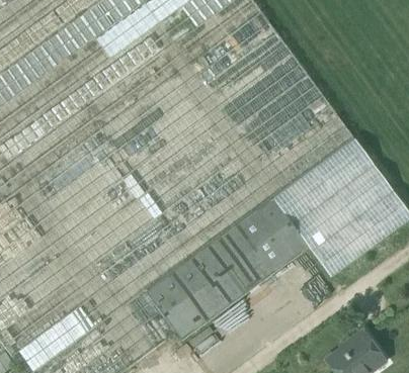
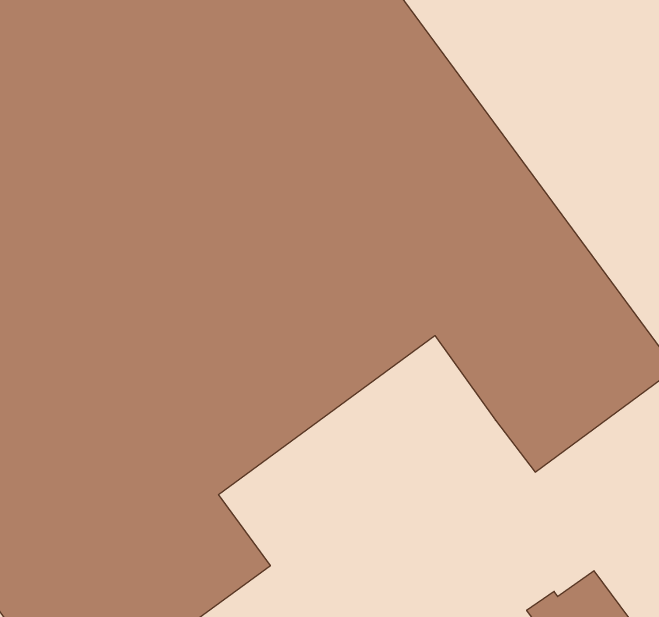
building: [145,199,307,341] -> none

